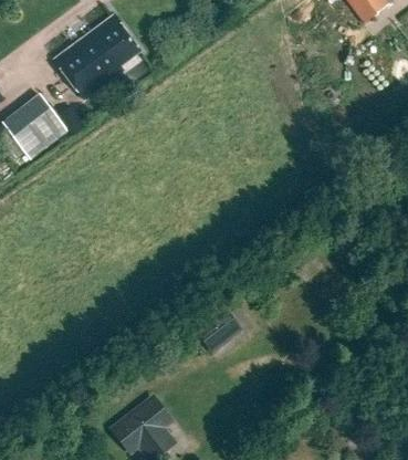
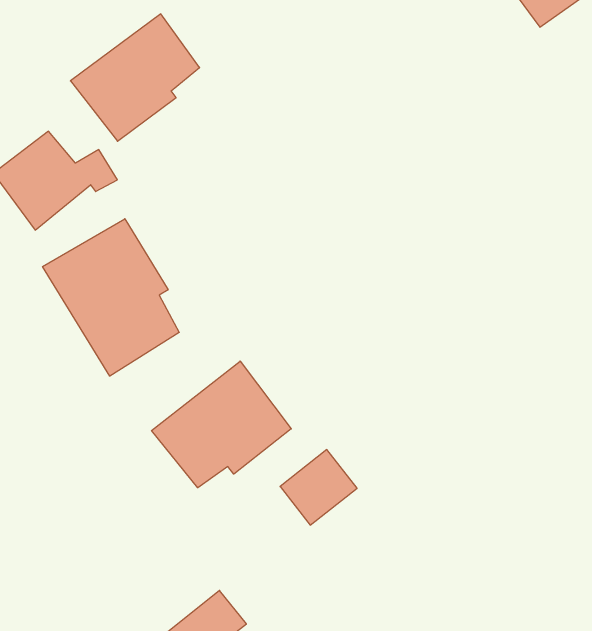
building: none -> [43,219,179,376]
building: none -> [152,361,291,488]

